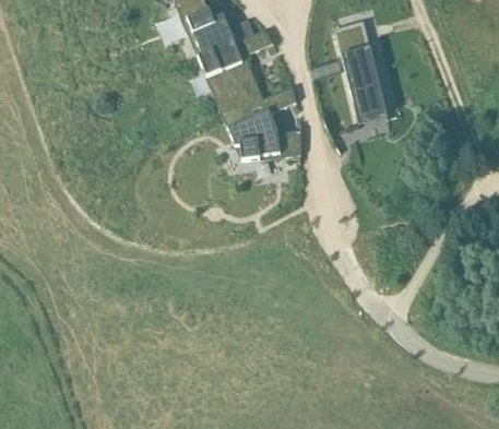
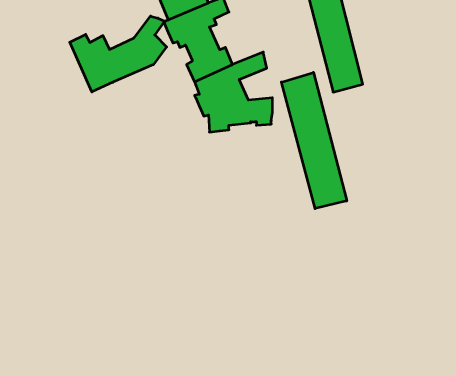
building: none -> [70,16,167,92]
building: none -> [281,72,347,209]

